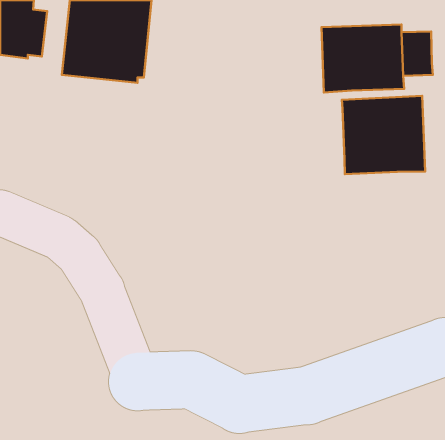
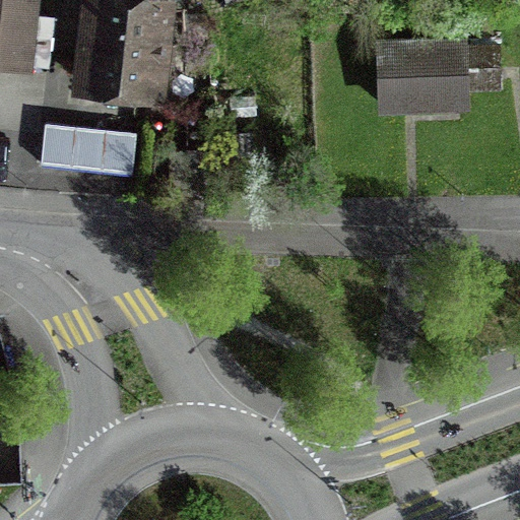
building: [342,96,425,174] -> none
building: none -> [41,125,137,186]

